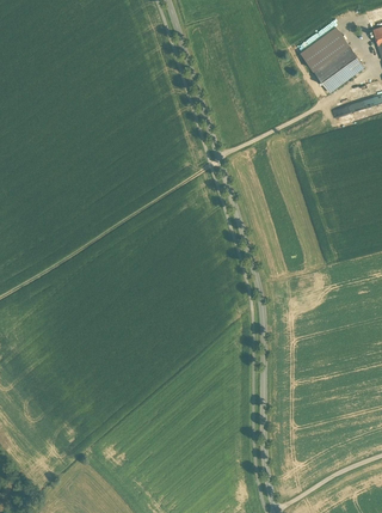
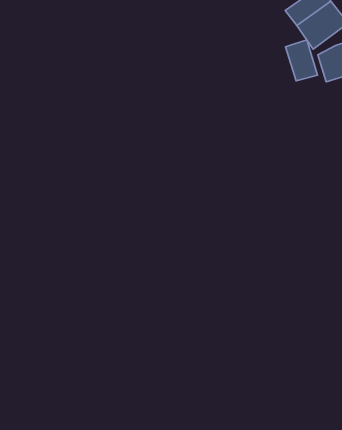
building: none -> [286,40,318,81]

